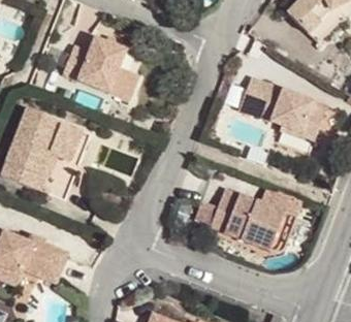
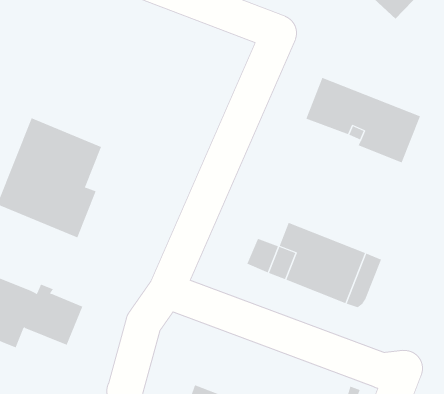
building: [61,36,126,93] -> none

